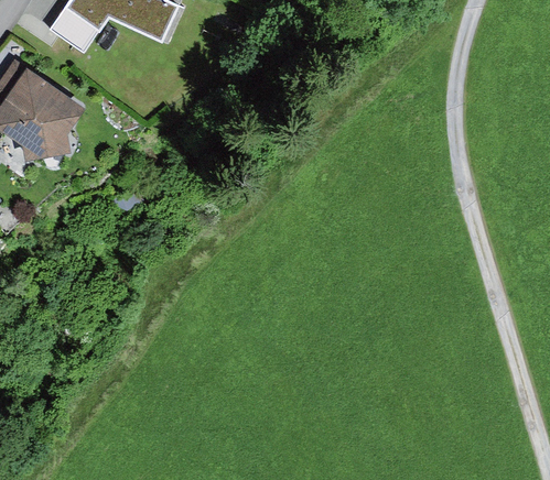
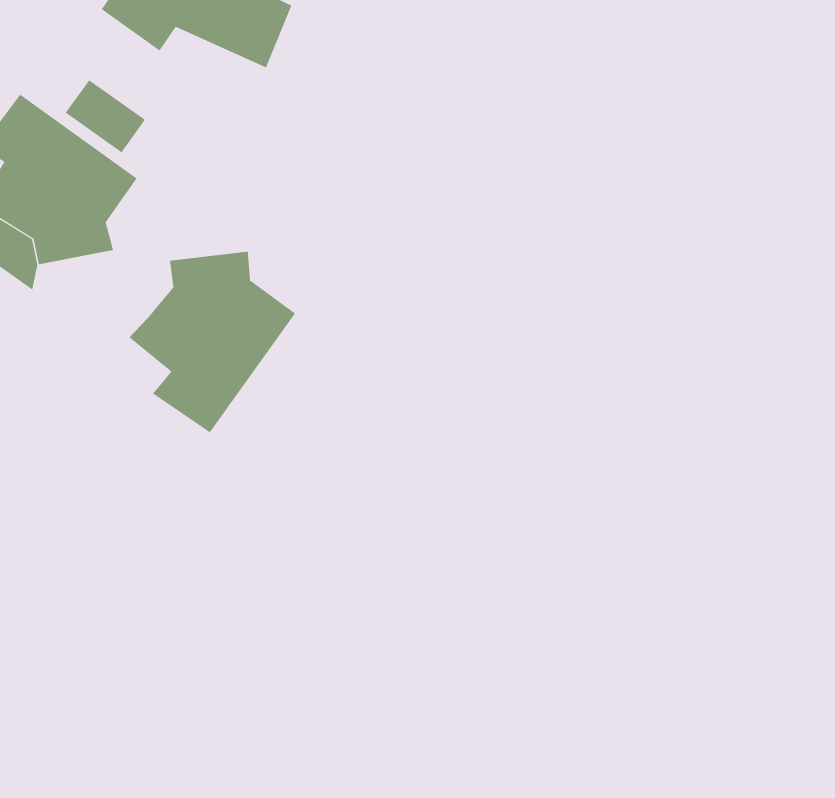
building: [48,7,97,51] -> [65,79,146,153]
building: none -> [129,251,296,433]

